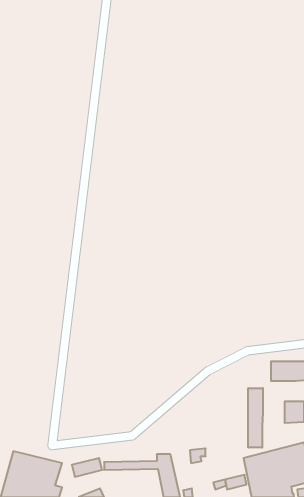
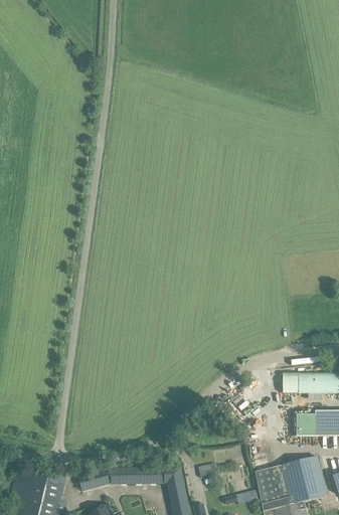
building: [248,388,263,448] -> none

